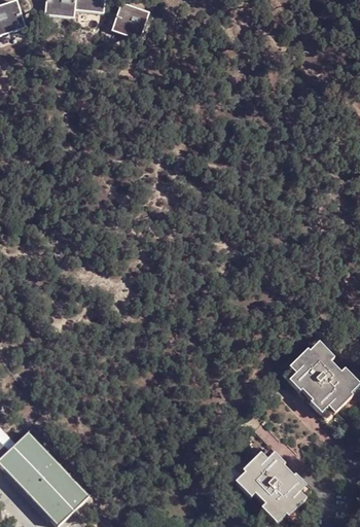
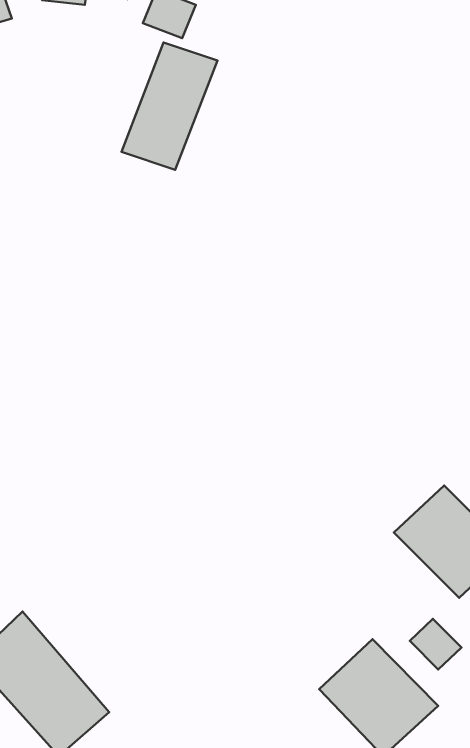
building: none -> [121,43,217,170]
building: none -> [410,619,461,670]

